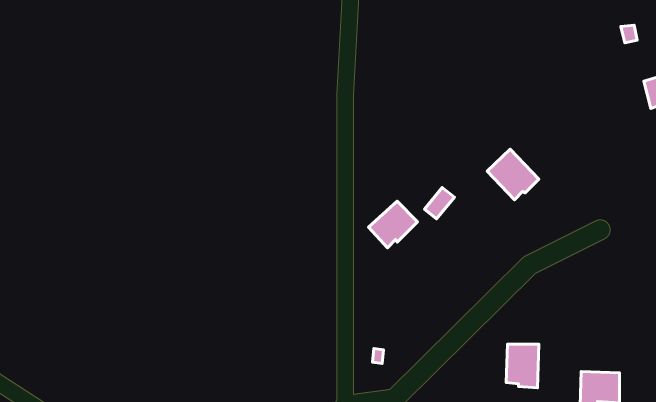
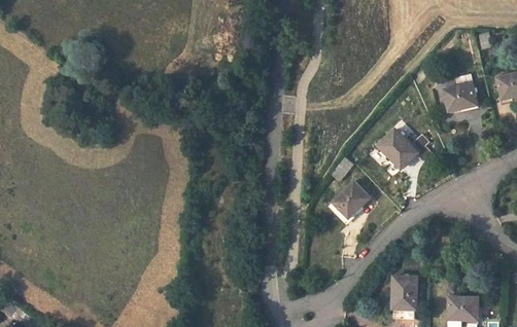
building: none -> [443,84,476,112]
building: [368,201,417,248] -> [332,182,369,217]

